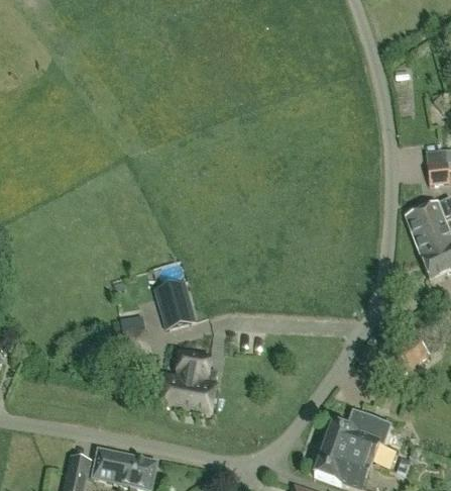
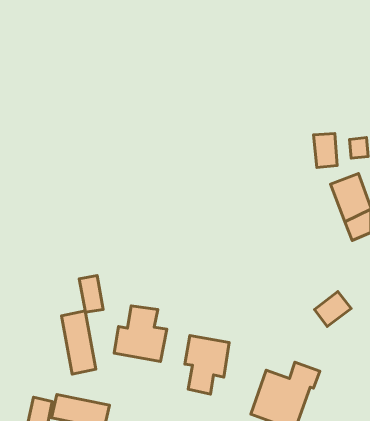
building: none -> [314,133,337,168]
building: [157,278,195,325] -> none
building: none -> [61,311,96,374]
building: none -> [185,336,229,394]

